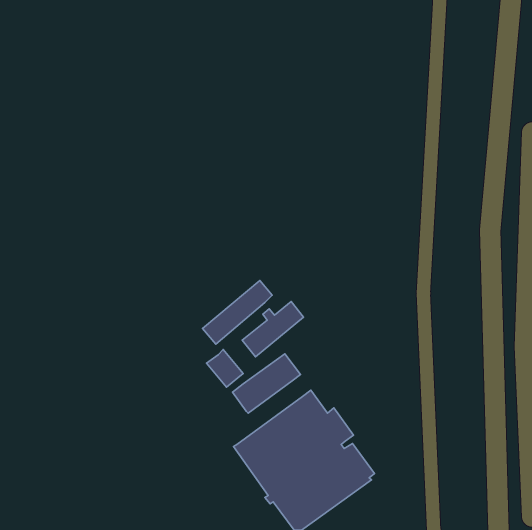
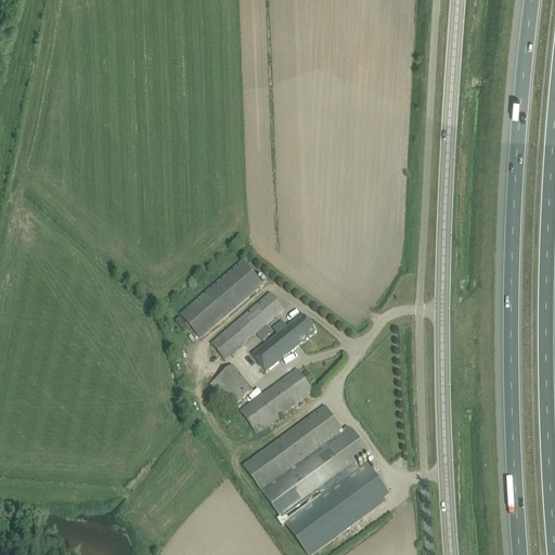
building: none -> [180,259,262,336]

